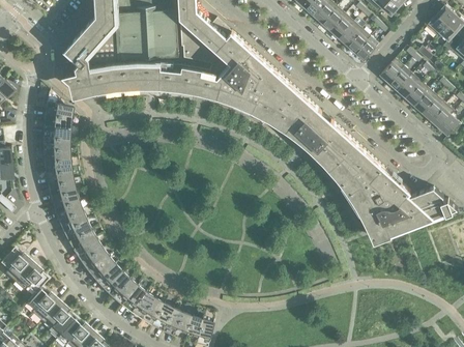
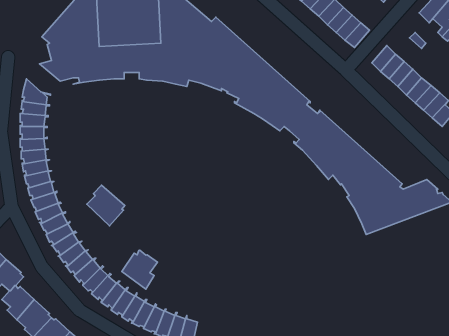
building: none -> [87,185,125,226]
building: none -> [122,250,157,289]

